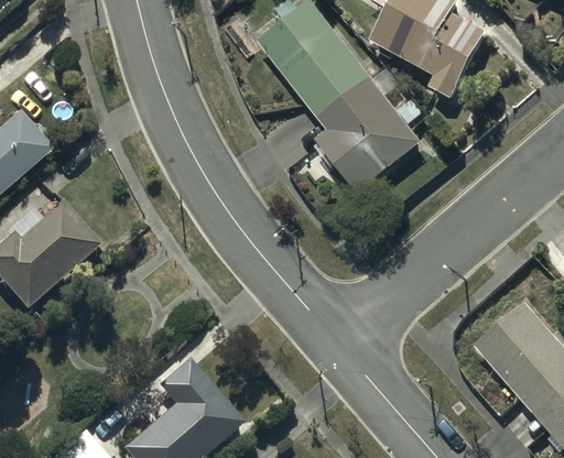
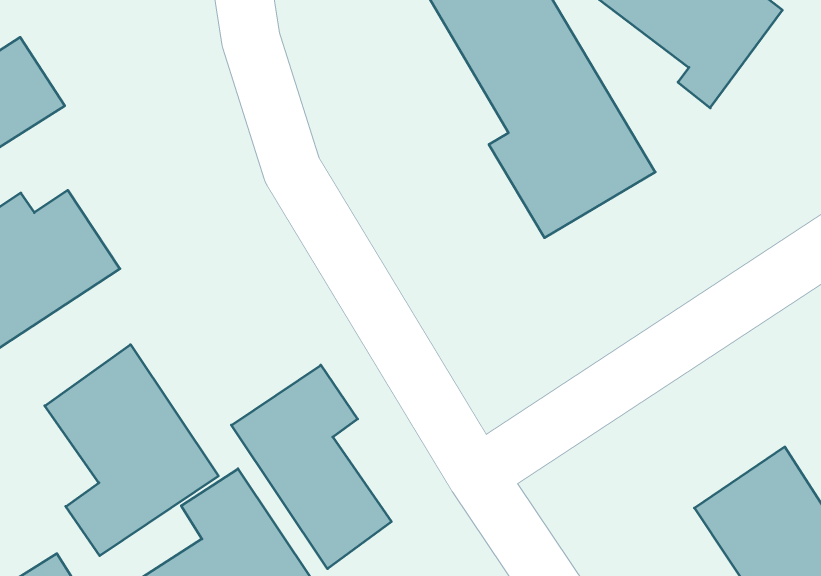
building: none -> [231,365,391,569]
building: none -> [45,345,218,556]

